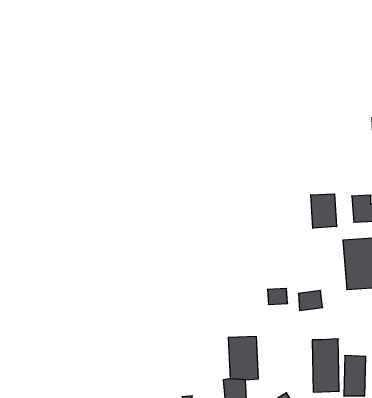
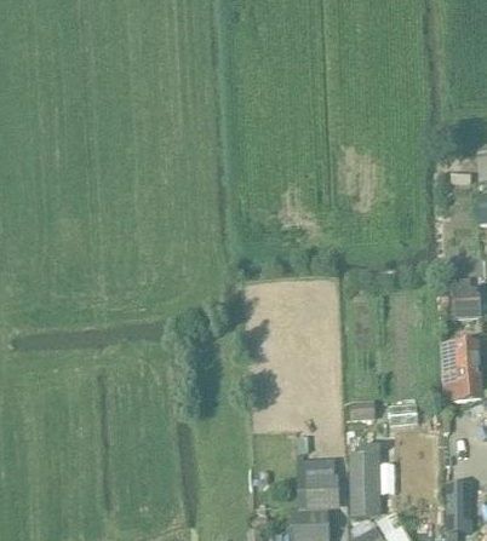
building: [311,194,337,228] -> none
building: [312,339,339,392] -> [349,451,382,516]

